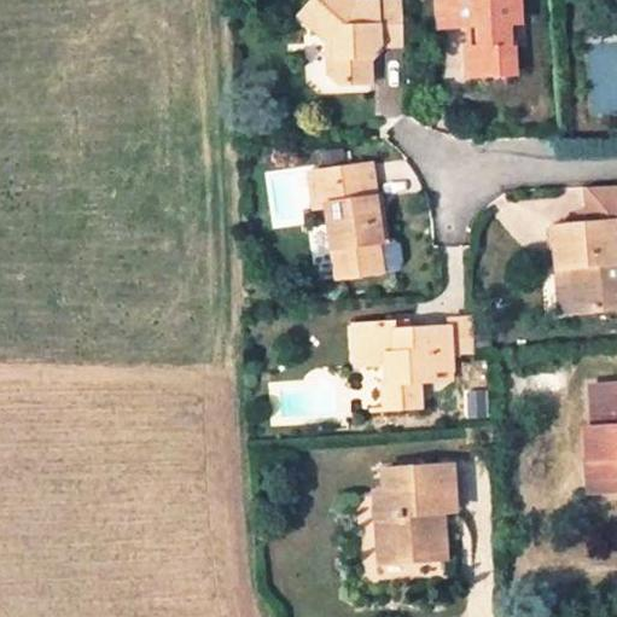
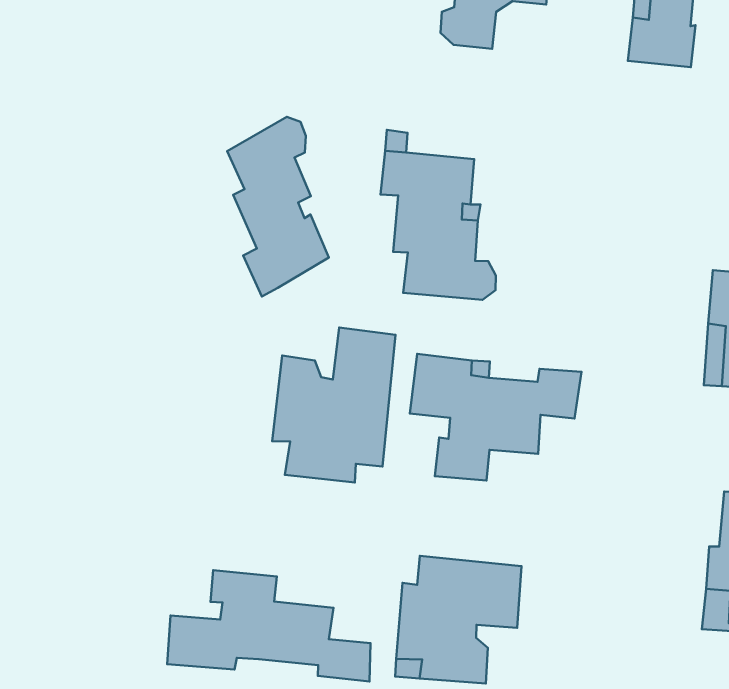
building: none -> [227,117,329,297]
building: none -> [272,327,395,483]
building: none -> [167,570,370,681]

